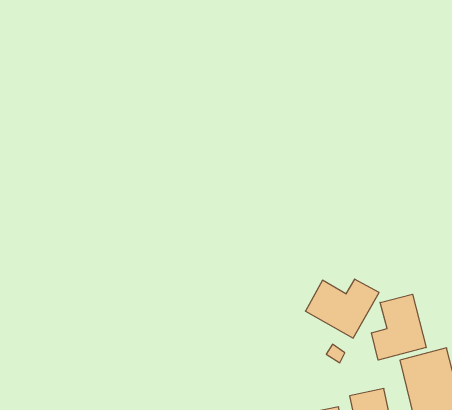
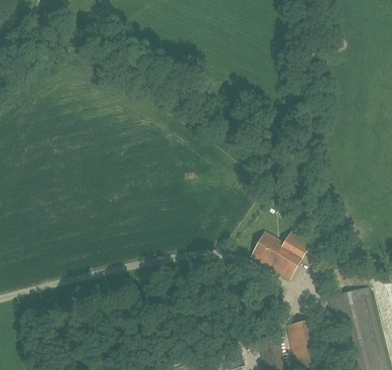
building: [372,294,426,360] -> none

